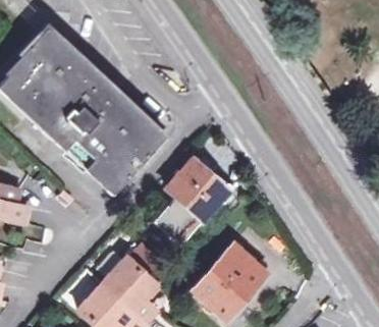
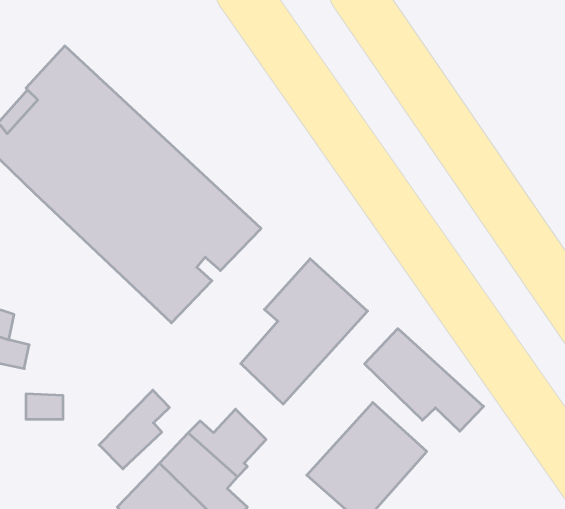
building: none -> [365,329,484,431]
building: none -> [99,390,169,469]

